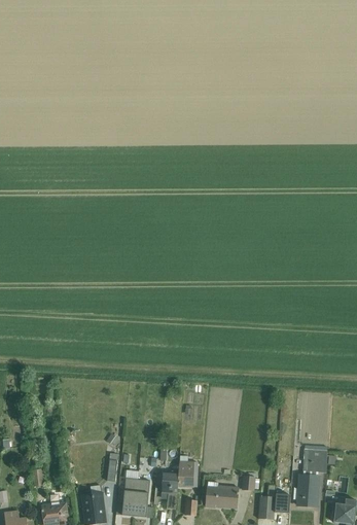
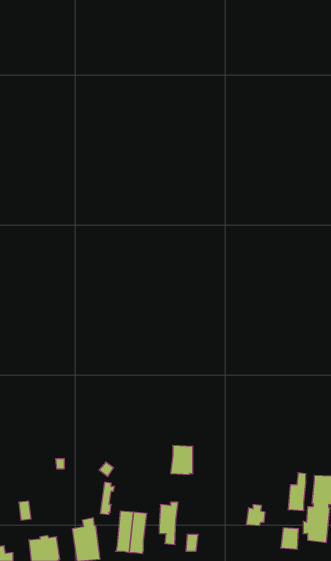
building: [177,461,198,488] -> [171,445,193,474]
building: [205,482,239,509] -> none
building: [259,485,276,520] -> [288,473,306,511]

